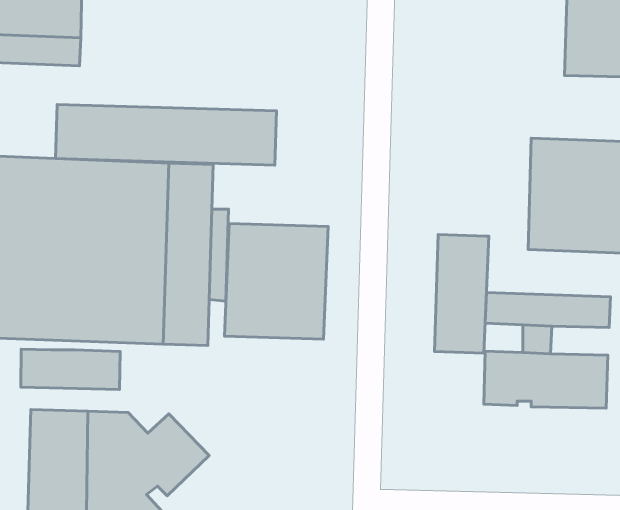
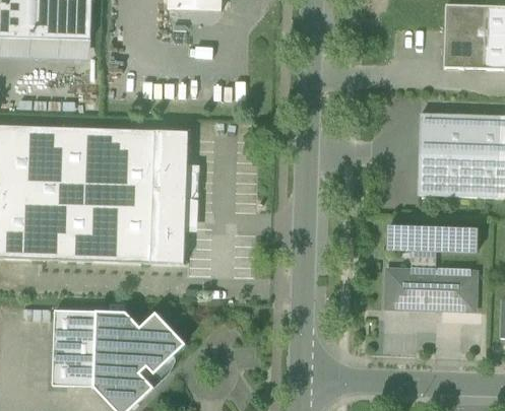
building: [55,104,276,165] -> none
building: [224,223,328,339] -> none
building: [435,235,489,353] -> none
building: [21,349,120,390] -> none

